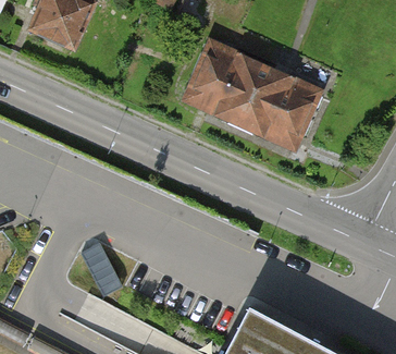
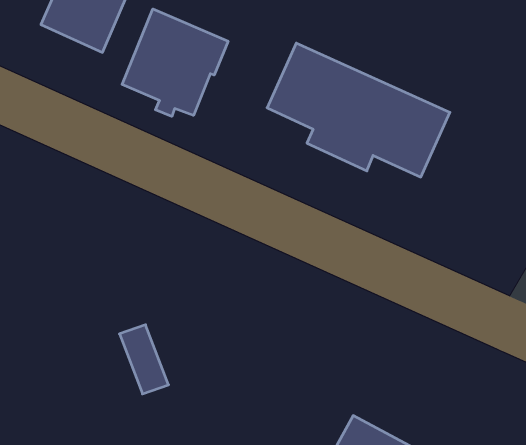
building: none -> [122,9,228,116]

